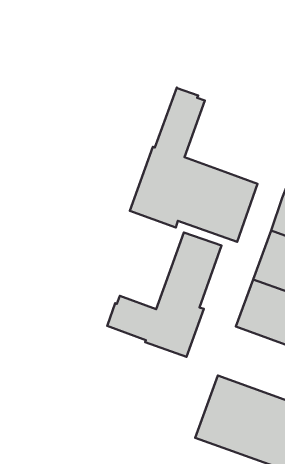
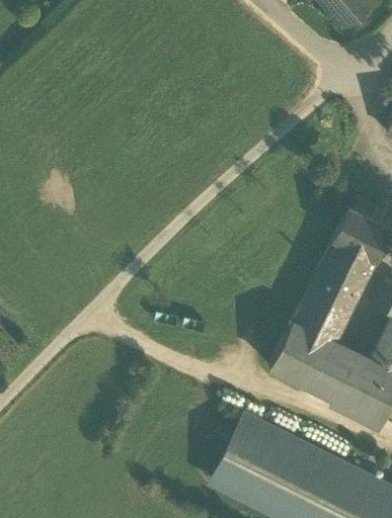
building: [130,87,258,242] -> none
building: [107,232,222,357] -> none

